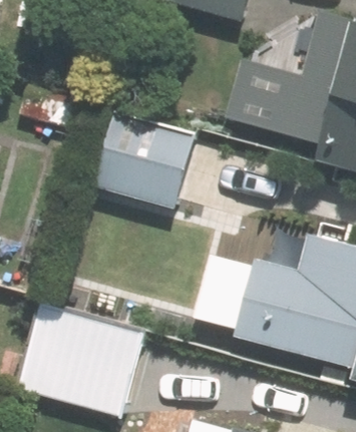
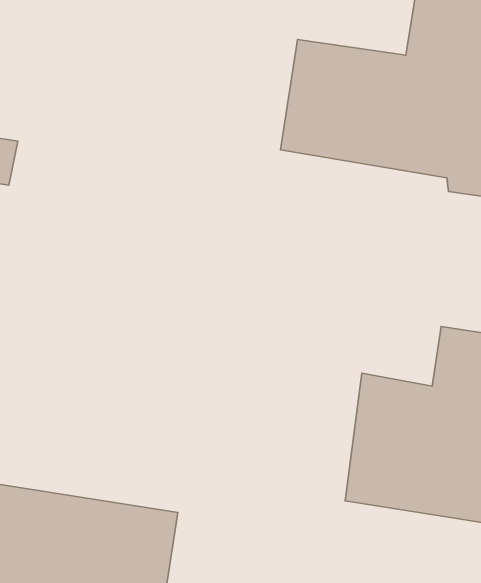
building: [99,109,194,204] -> none

